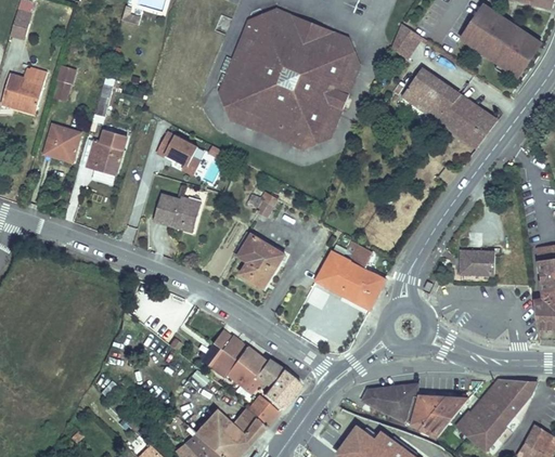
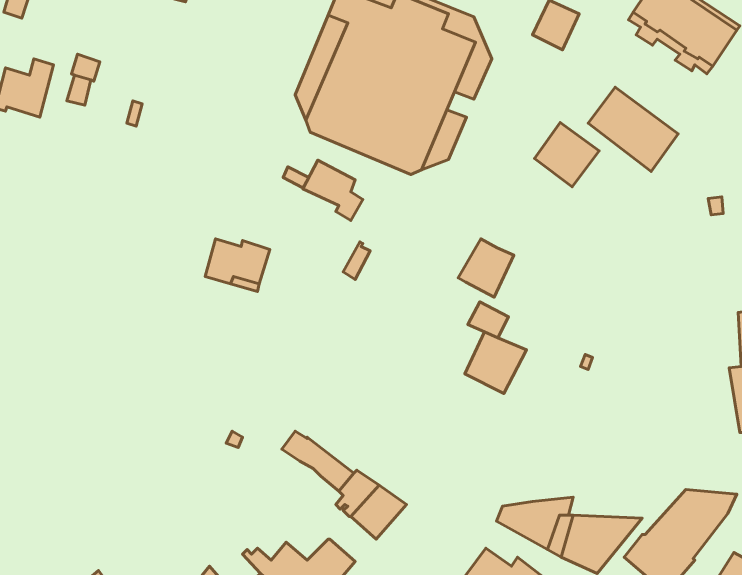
building: [403,66,450,113] -> [535,122,599,187]
building: [44,125,81,161] -> none
building: [158,131,202,174] -> [303,160,363,220]
building: [88,139,124,173] -> none
building: [236,235,284,287] -> none
building: [460,250,498,277] -> none
building: [315,251,356,293] -> [458,239,514,297]
building: [209,356,254,397] -> none
building: [244,400,275,429] -> none

